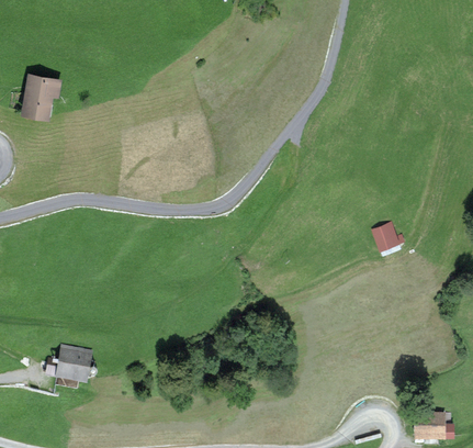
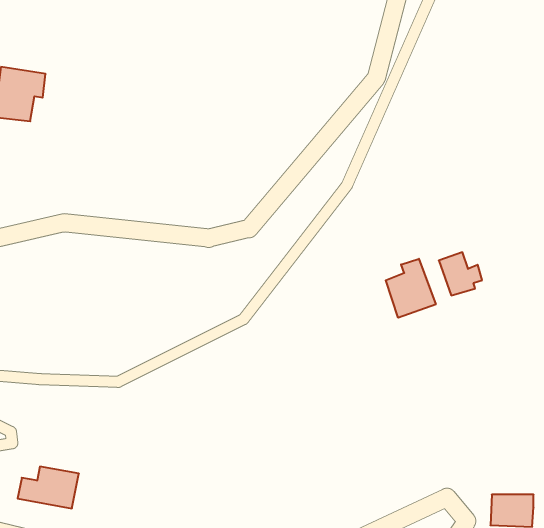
building: none -> [386,259,436,318]
building: [44,347,92,380] -> [18,467,79,508]

